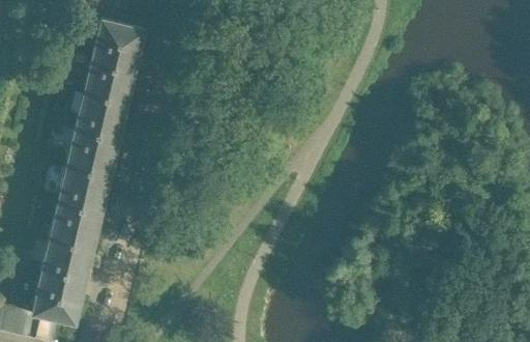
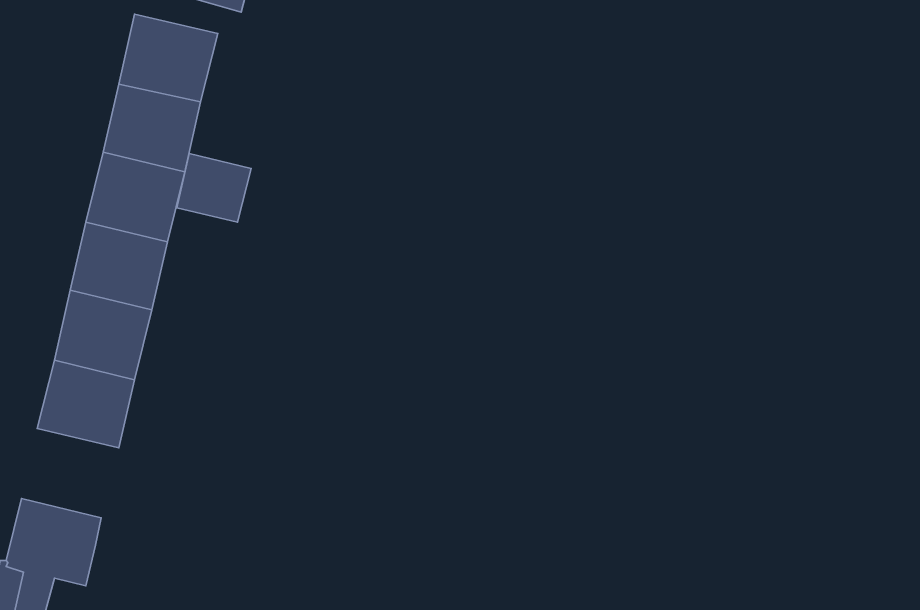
building: none -> [177,154,251,222]
building: [40,238,92,286] -> none

